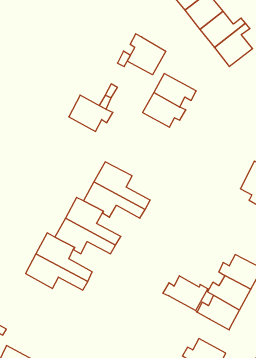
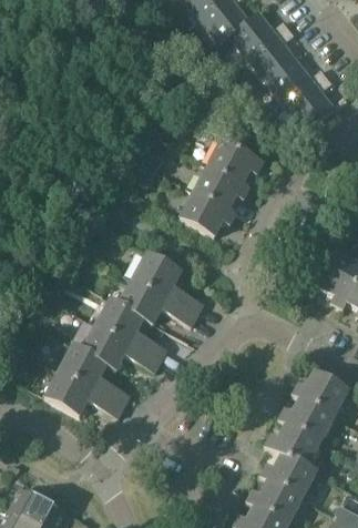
building: [127,34,166,75] -> none
building: [69,95,113,131] -> [181,189,237,235]
building: [163,276,208,310] -> [259,453,317,497]

